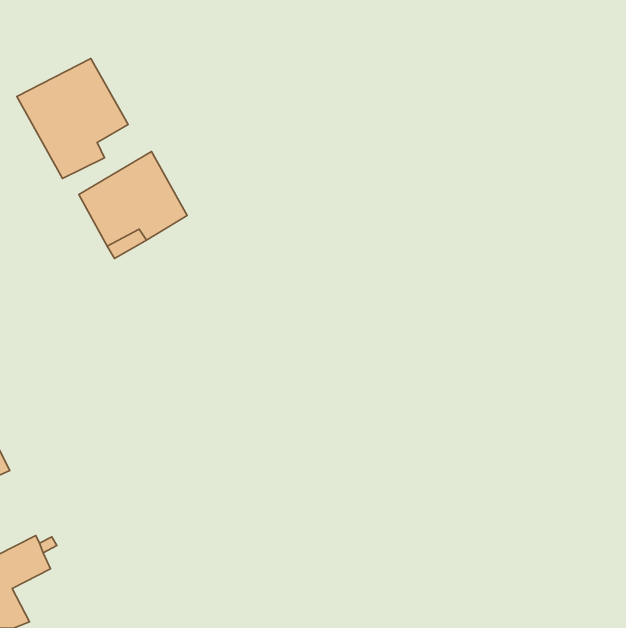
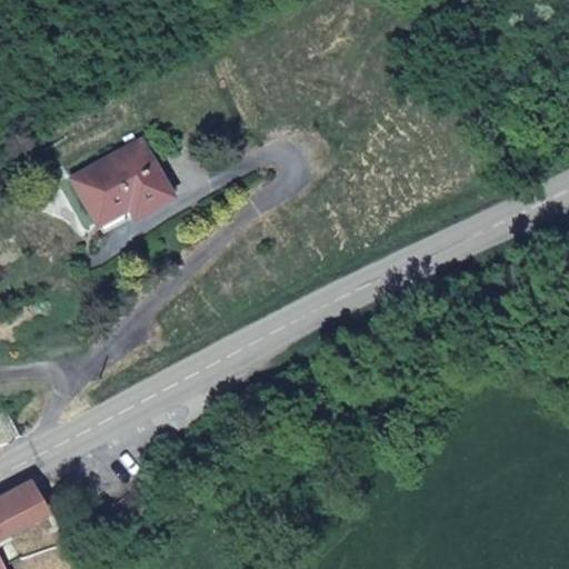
building: [17,59,128,179] -> none

